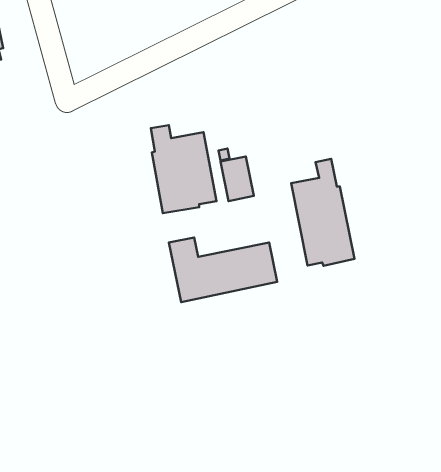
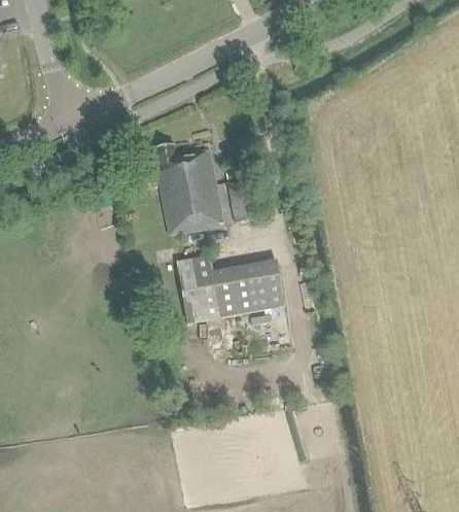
building: [291,159,354,266] -> none

